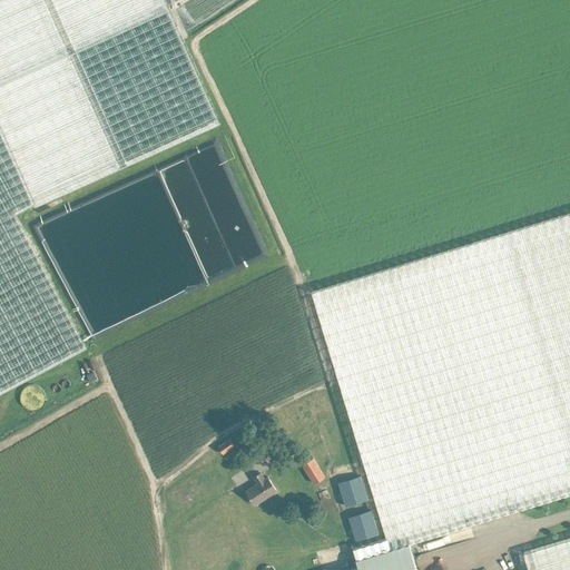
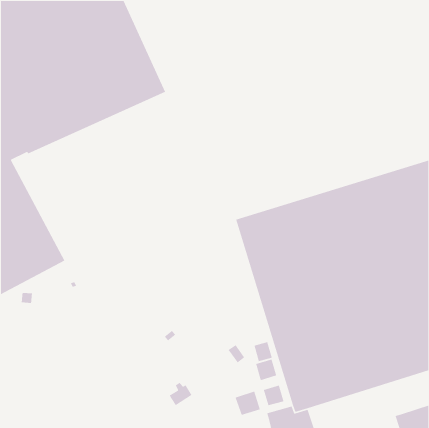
building: none -> [253,341,273,362]
building: [246,473,277,505] -> [169,382,192,406]
building: none -> [235,391,261,416]

